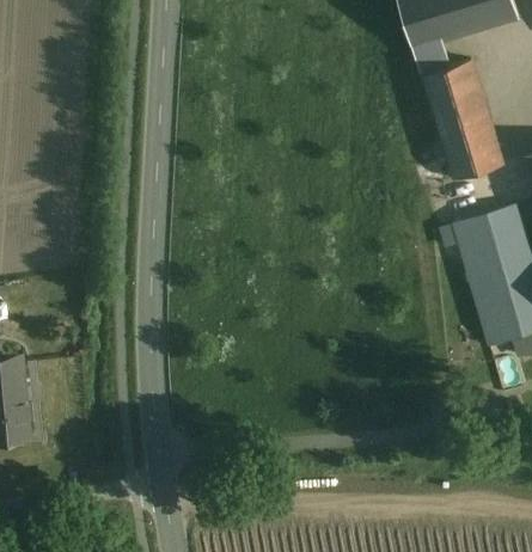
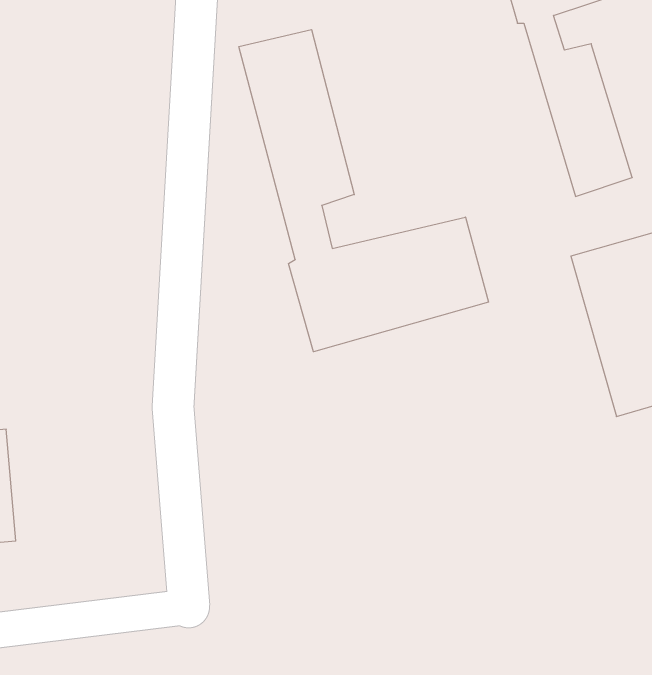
building: none -> [239,30,488,352]

